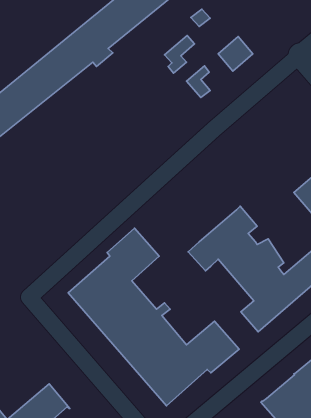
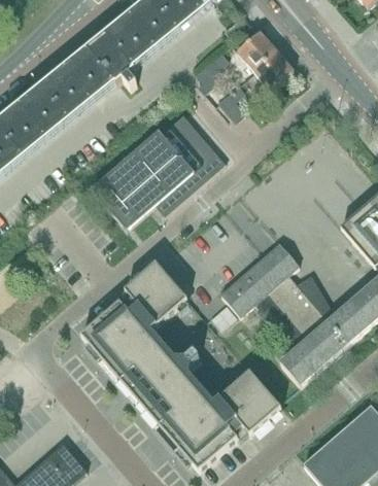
building: none -> [238,31,277,70]
building: none -> [91,113,225,229]

